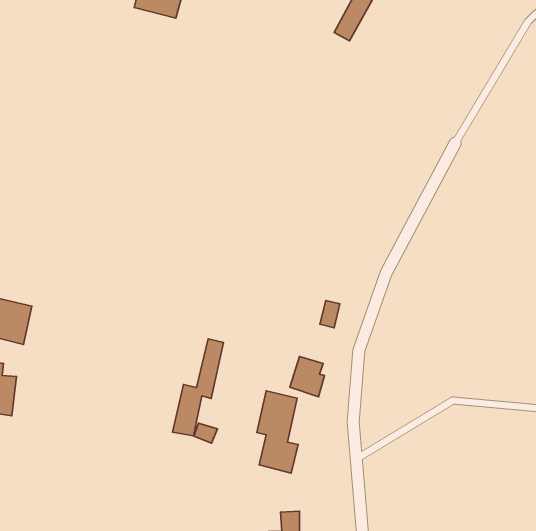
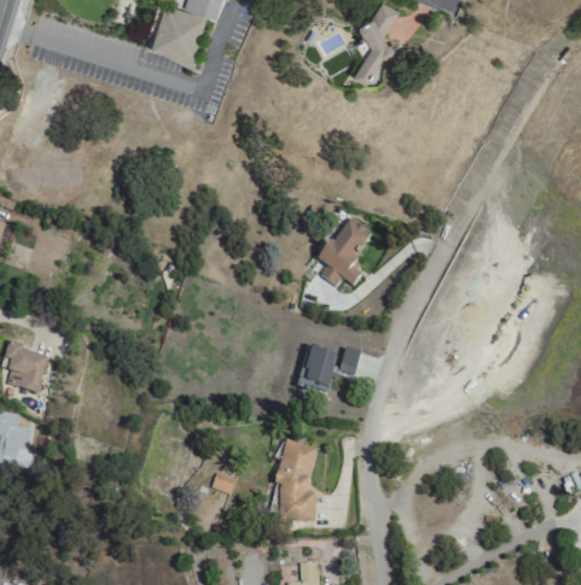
building: none -> [320,218,373,287]
building: [173,339,224,436] -> none
building: [290,356,324,397] -> [302,349,337,390]

